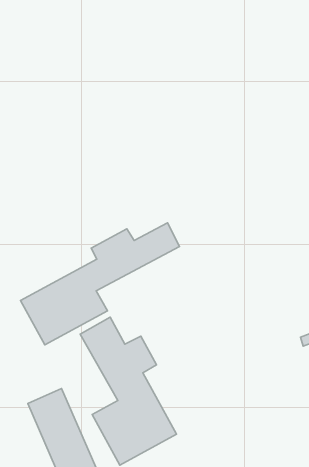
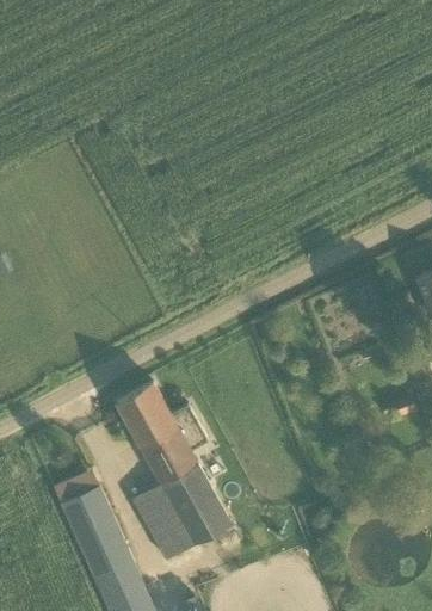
building: [21,223,180,345] -> none

